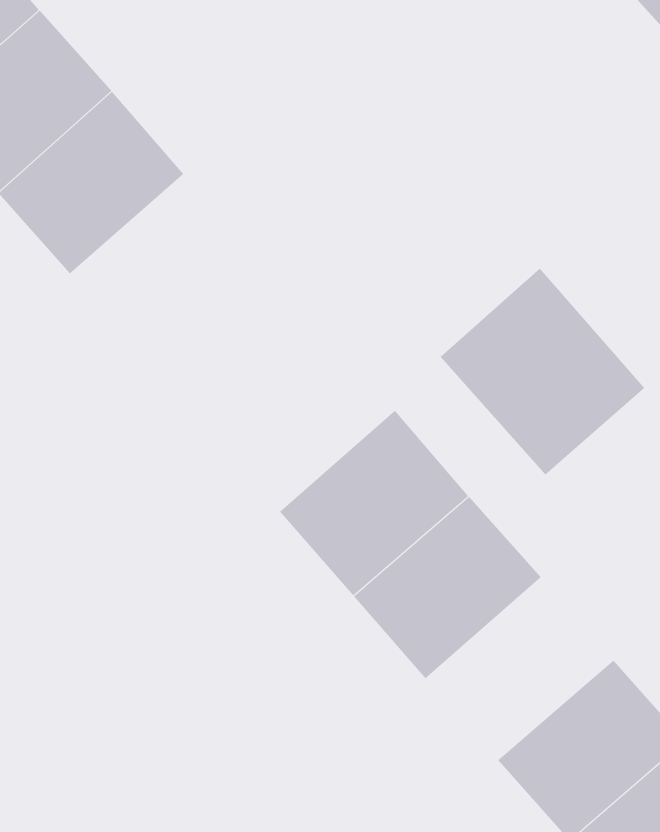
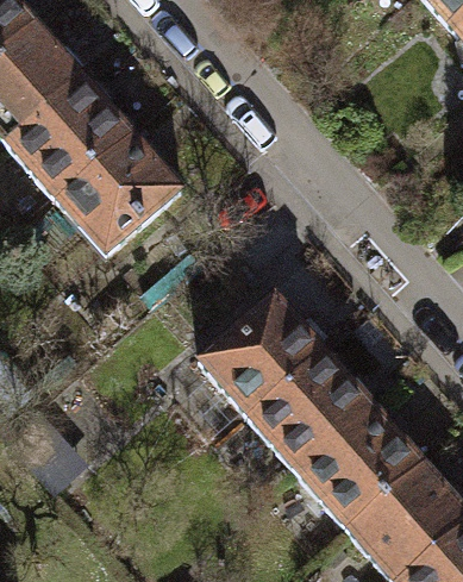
building: none -> [56,132,183,257]
building: [440,268,645,476] -> none
building: none -> [296,405,424,528]

